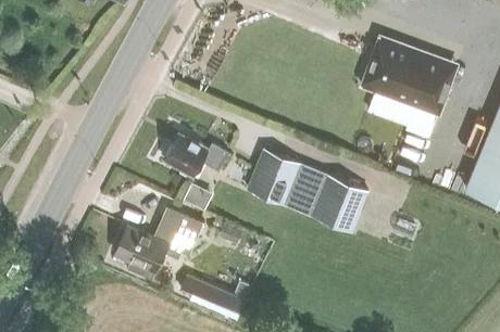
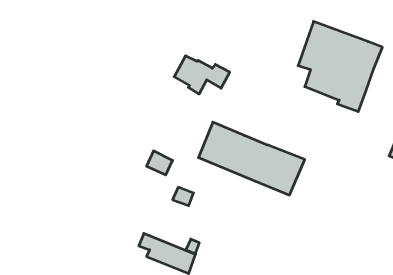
building: [164,135,227,178] -> [174,56,230,94]
building: [115,207,205,280] -> none

